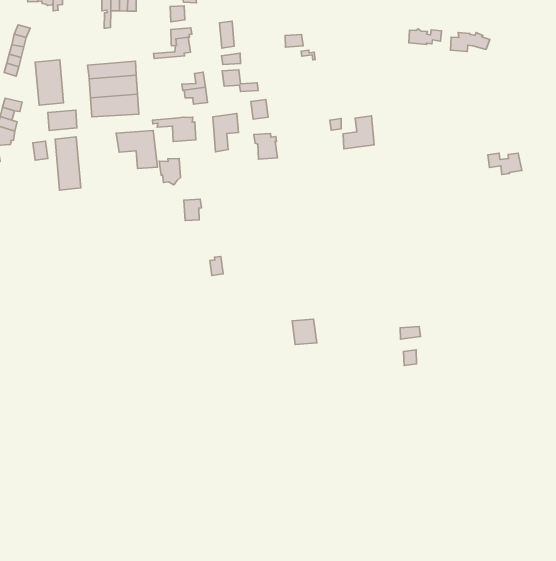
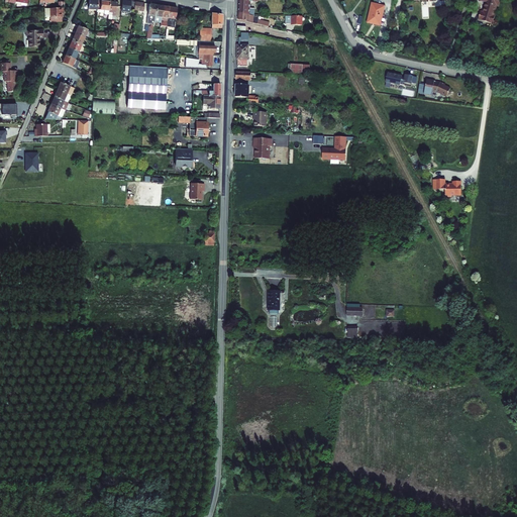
building: [35,60,64,105] -> none
building: [213,113,238,152] -> none
building: [116,130,157,169] -> none
building: [55,137,81,190] -> none

